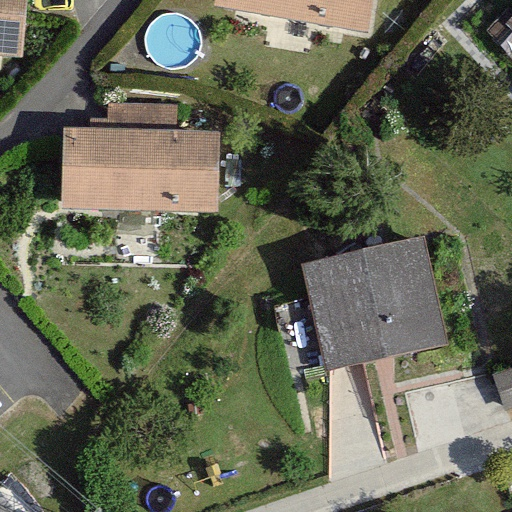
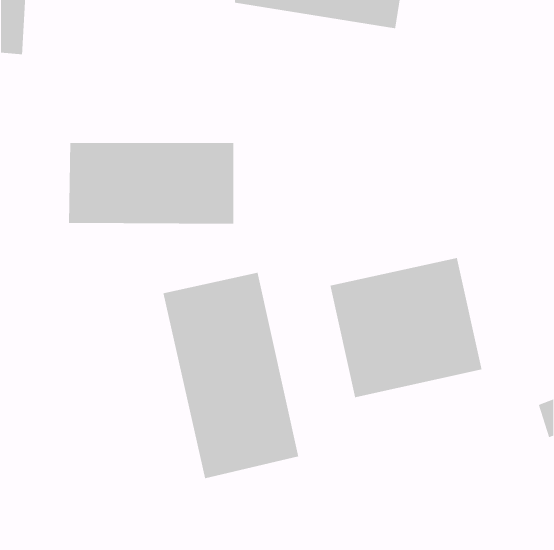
building: none -> [162,272,299,479]

